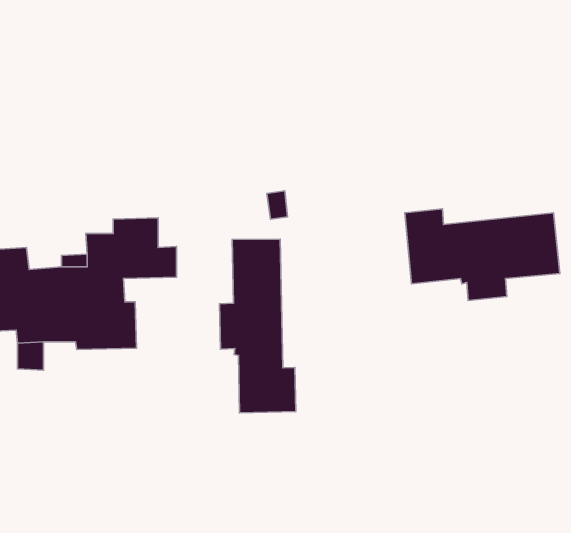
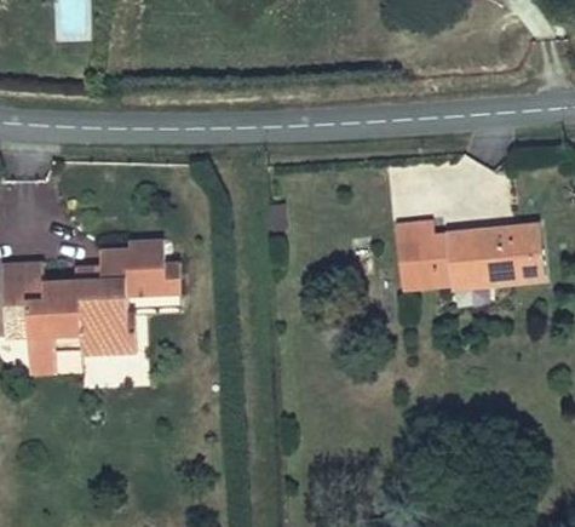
building: [219,239,296,413] -> none

